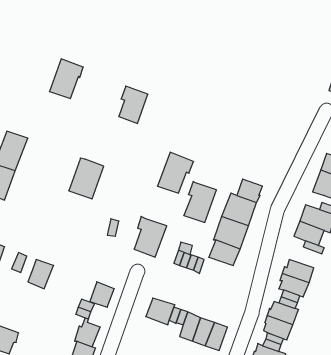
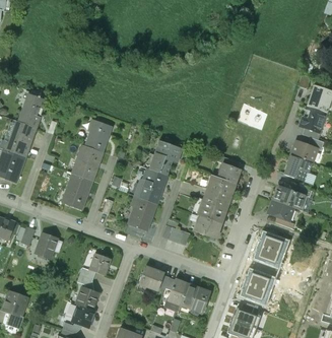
building: [49,59,83,99] -> [17,93,47,128]
building: [119,86,148,123] -> [85,120,111,152]
building: [184,182,216,222] -> [138,168,167,204]
building: none -> [61,174,91,210]

